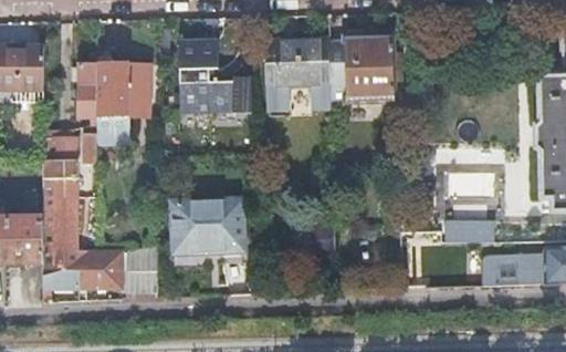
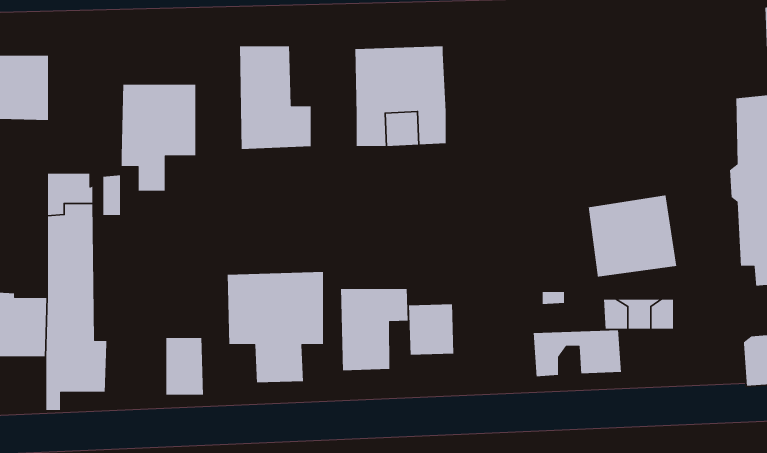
building: [329,34,402,102] -> none
building: [74,64,98,116] -> none
building: none -> [340,288,409,371]
building: [86,251,122,287] -> none
building: [483,251,547,286] -> [533,330,622,377]

